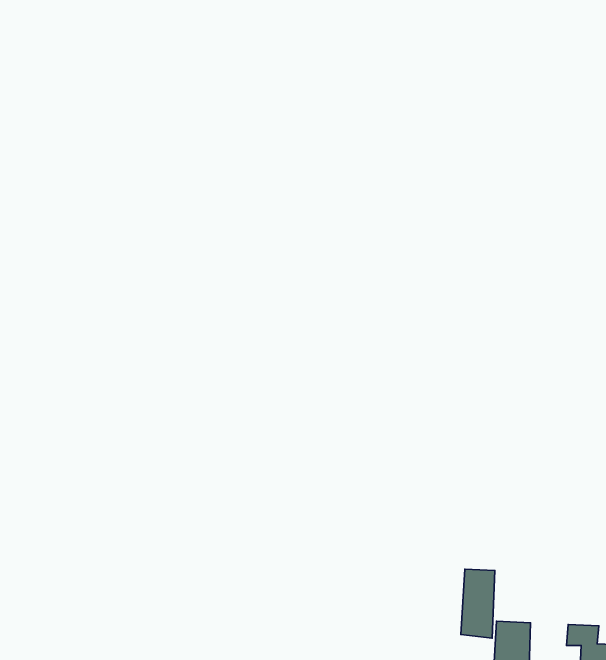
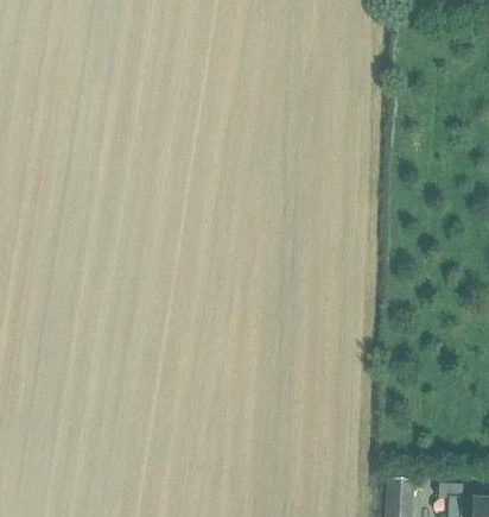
building: [461,569,495,638] -> none

